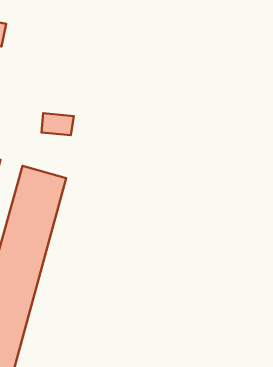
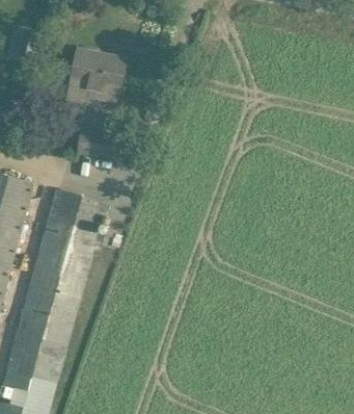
building: none -> [63,48,125,121]

